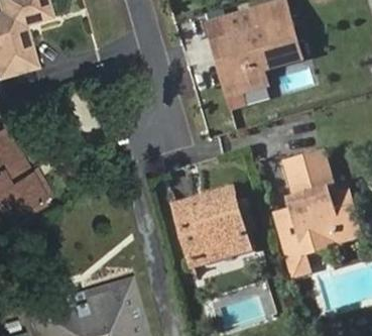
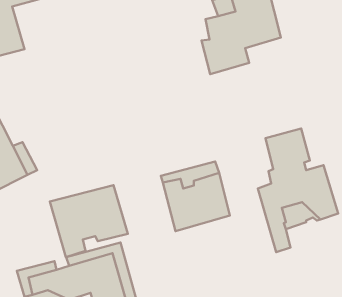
building: none -> [50,185,128,257]

